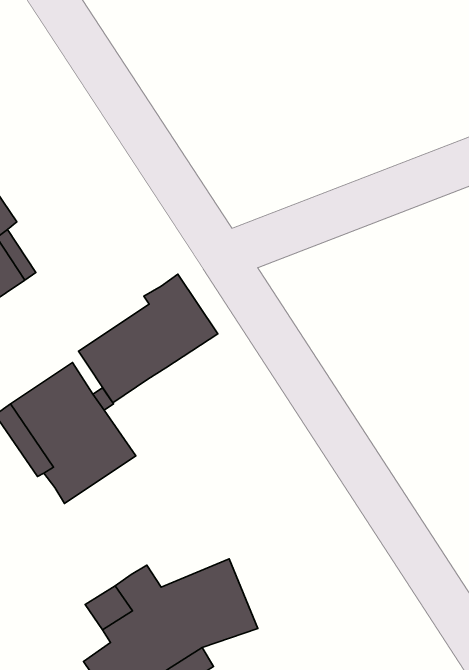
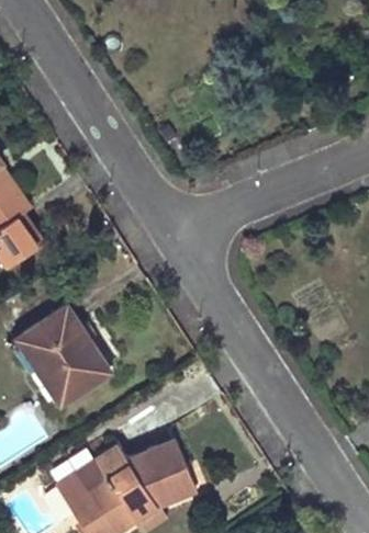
building: [78,274,218,403] -> none

